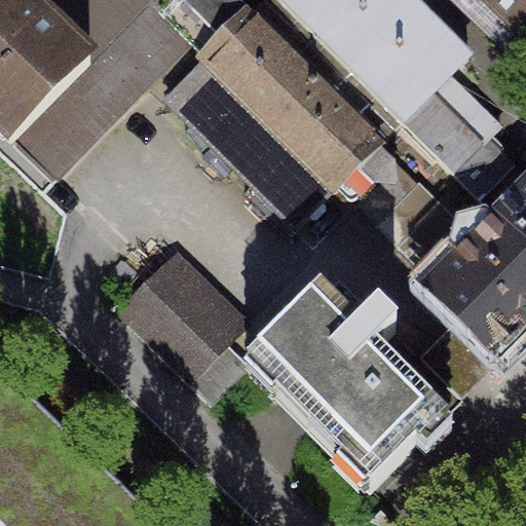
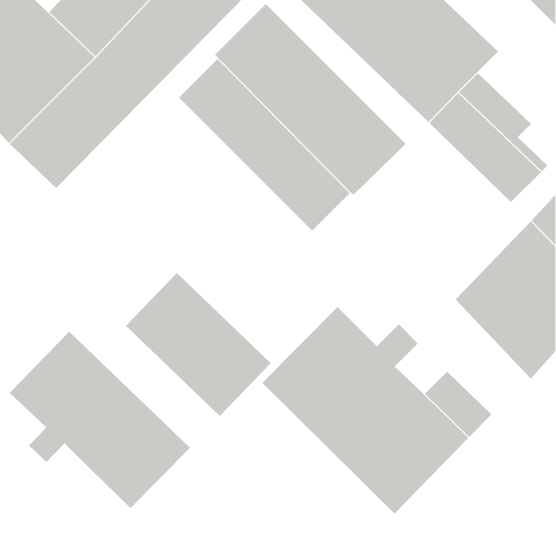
building: none -> [9,331,191,509]

